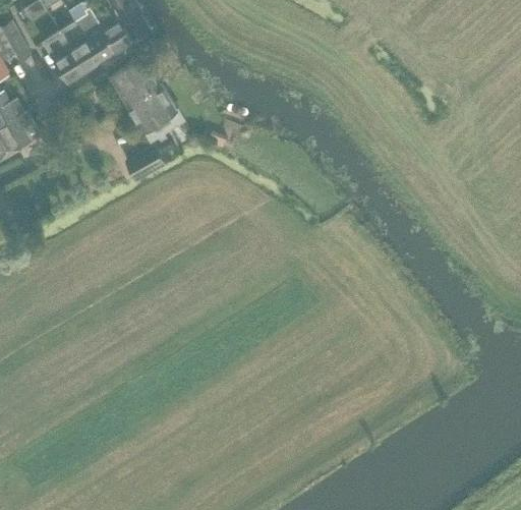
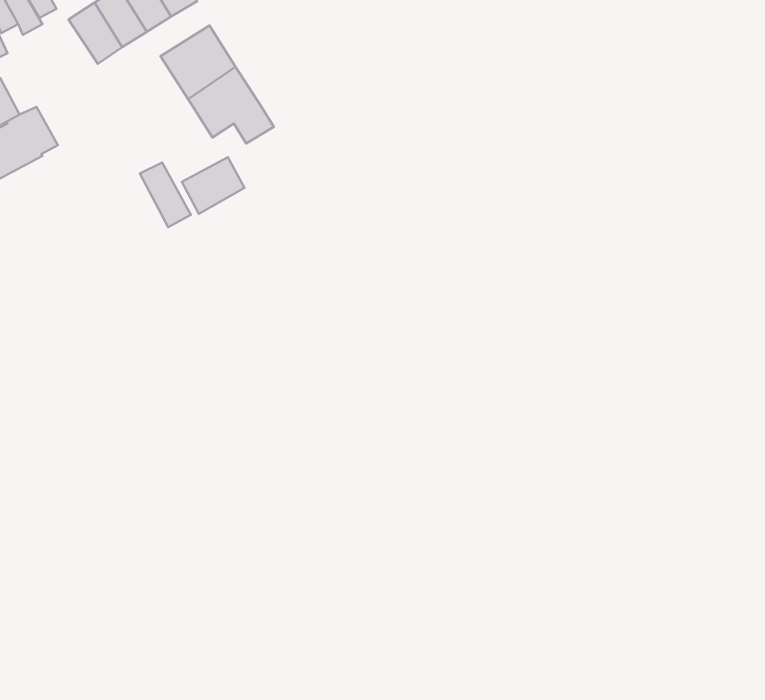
building: none -> [140,163,191,227]

